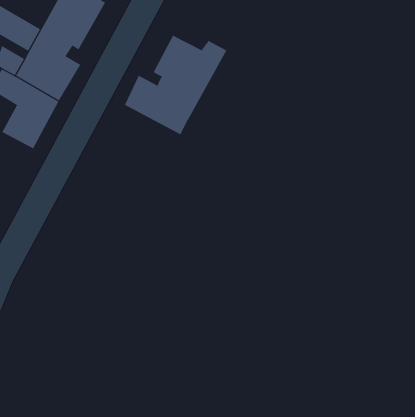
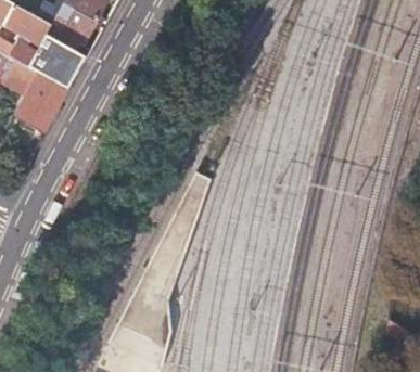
building: [124,35,227,135] -> none

